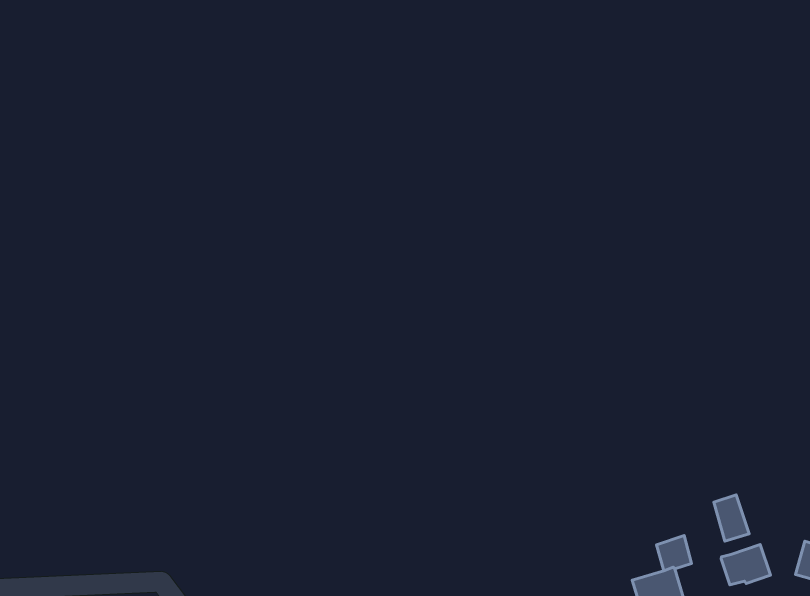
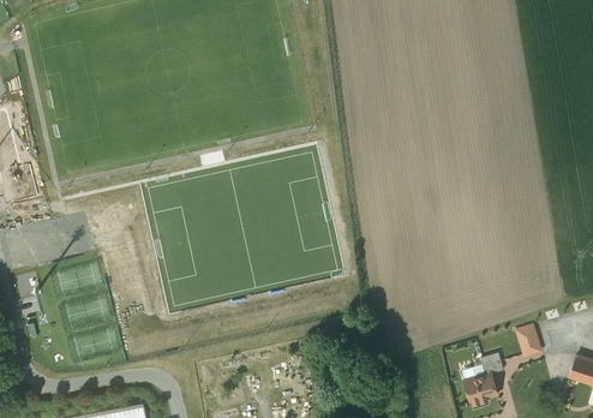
building: [721,545,770,585] -> none

